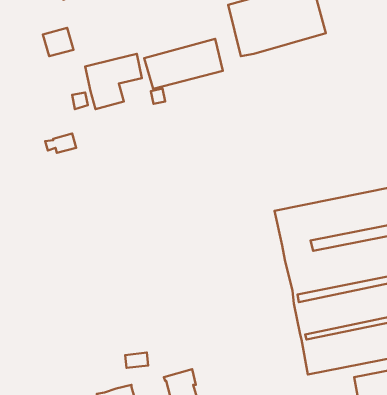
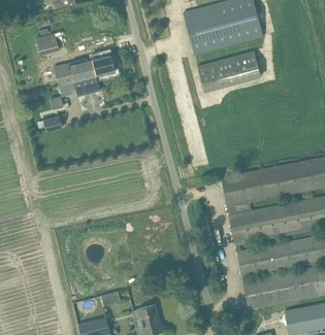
building: [144,39,223,89] -> [197,51,260,91]

